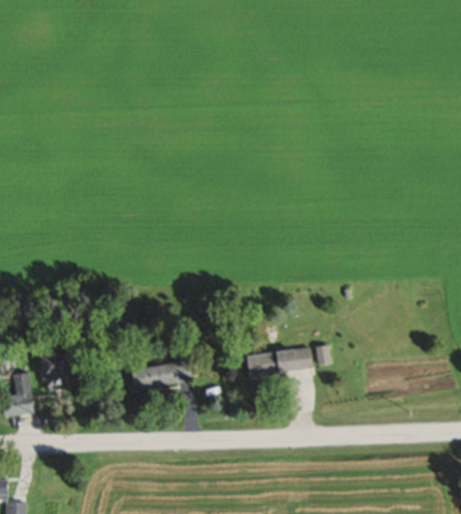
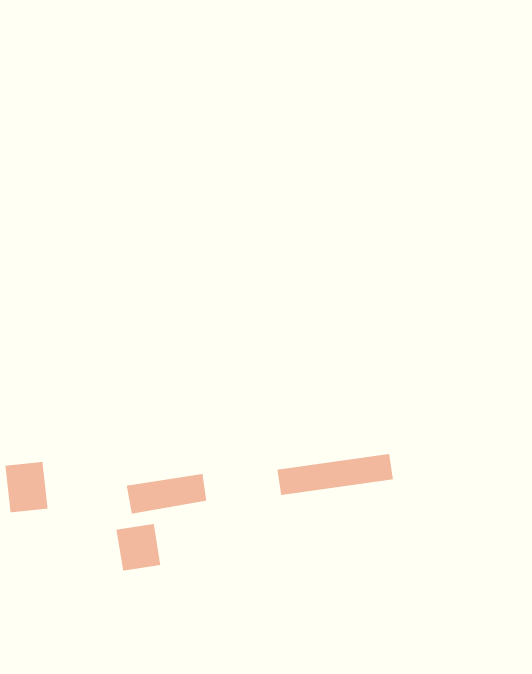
building: none -> [116,523,161,572]

